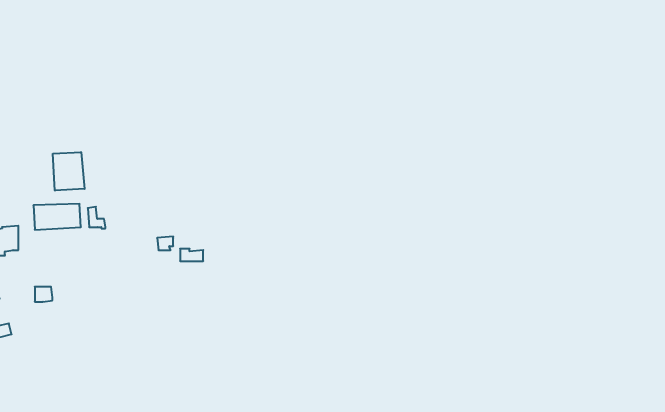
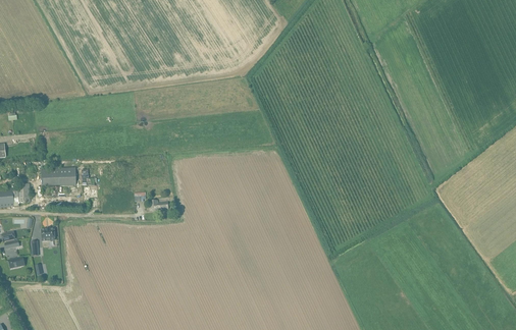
building: [53,152,85,191] -> none

